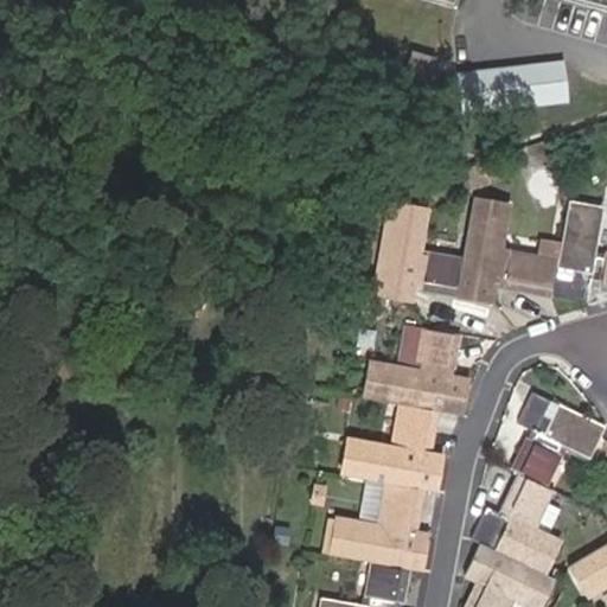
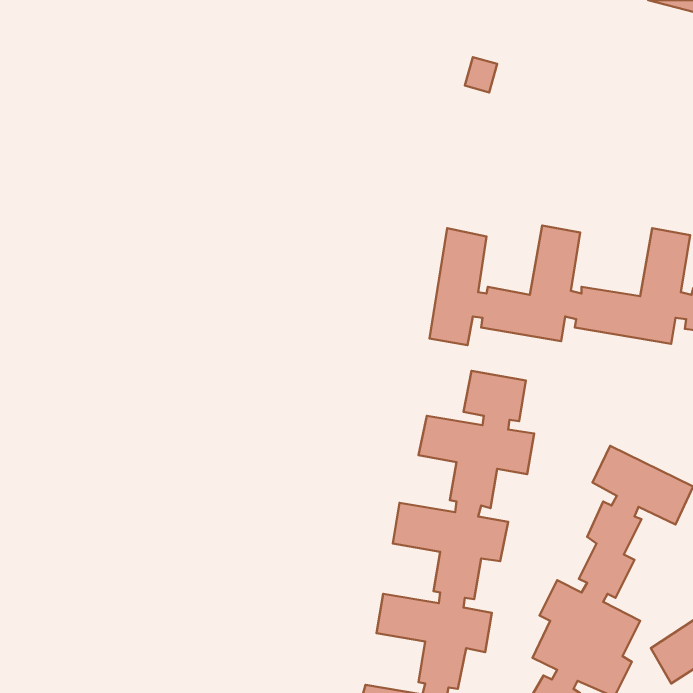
building: [461,59,574,108] -> none

